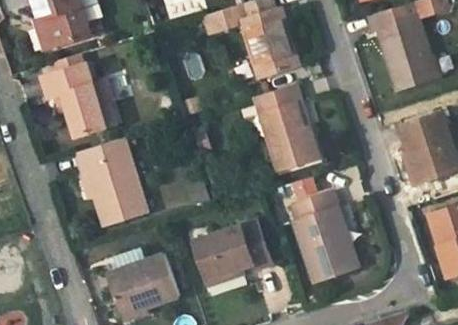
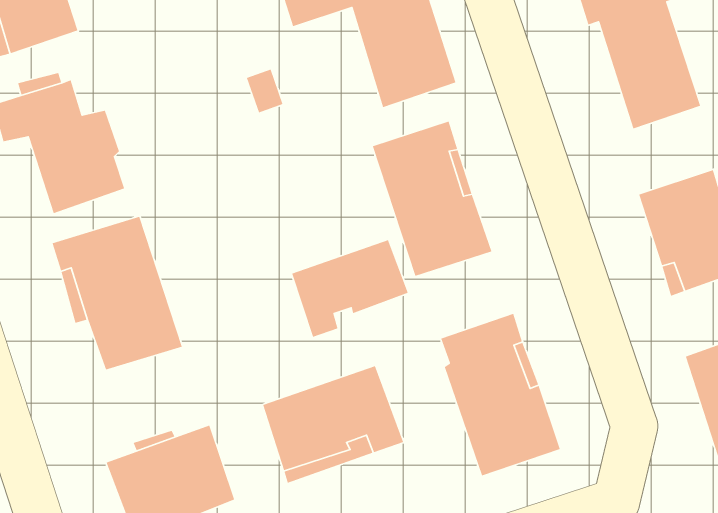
building: none -> [291,239,409,338]

